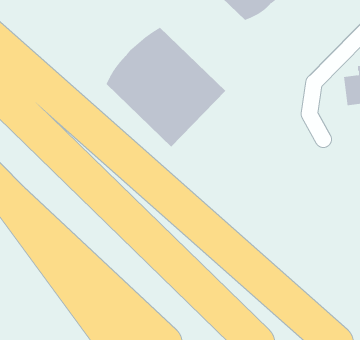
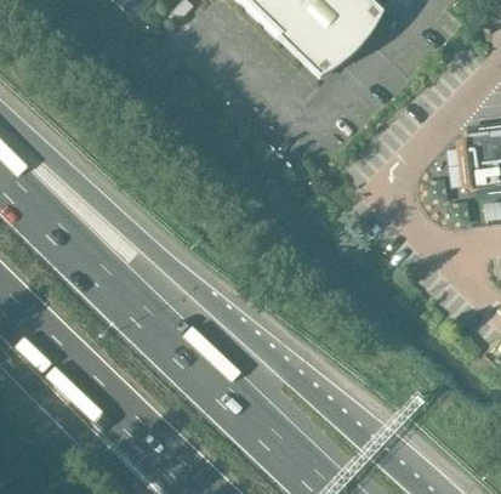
building: [106,27,226,147] -> none

